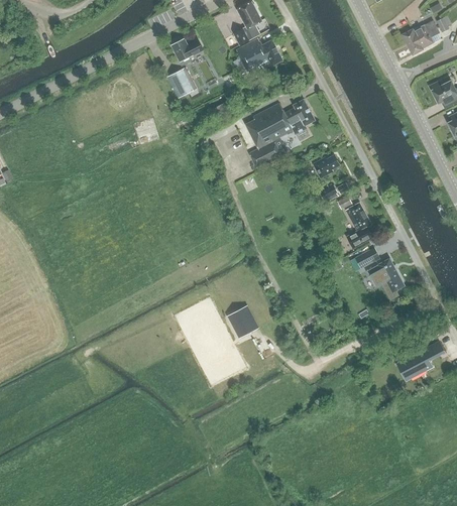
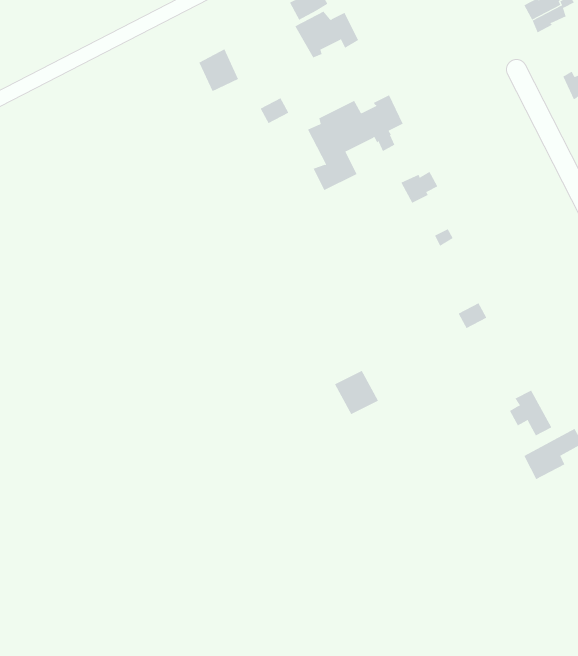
building: [172,38,203,65] -> none
building: [346,203,372,247] -> none
building: [373,258,405,291] -> [509,390,552,436]
building: [227,304,259,337] -> [334,370,379,415]

